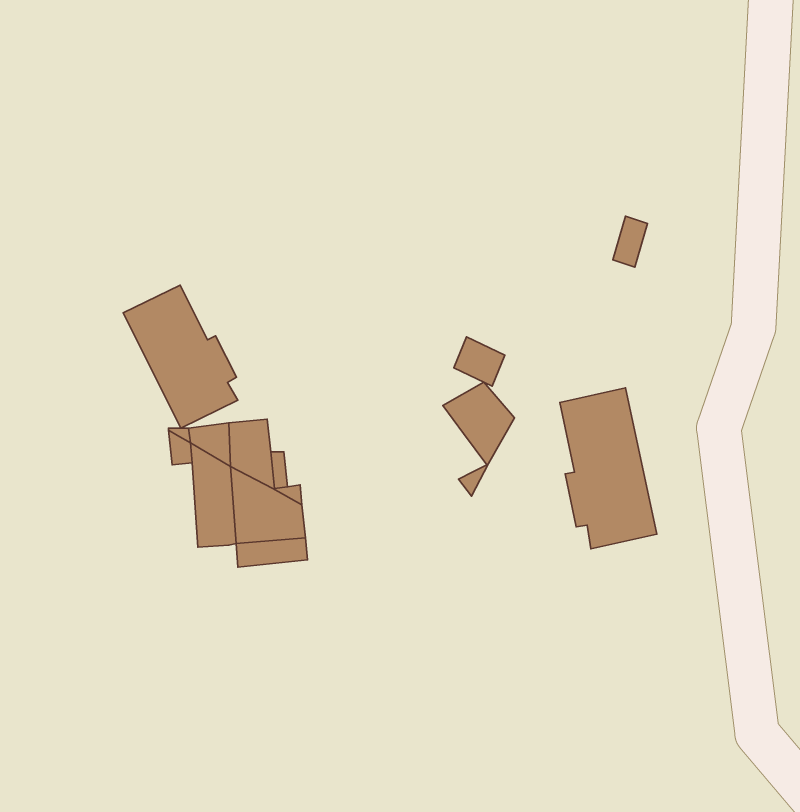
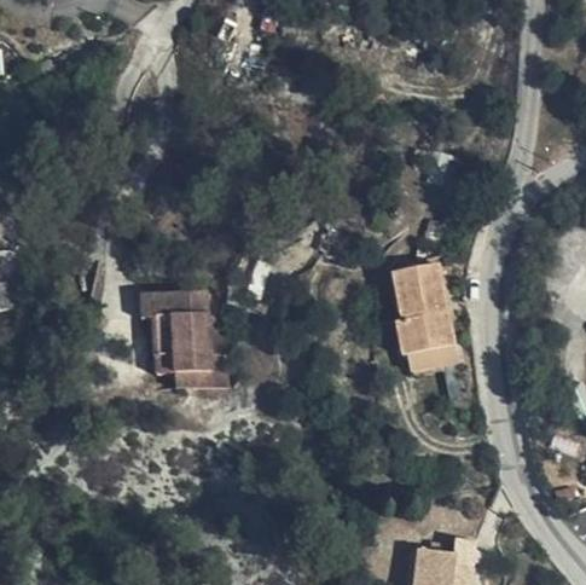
building: [123,285,238,428] -> none
building: [443,382,514,496] -> none

